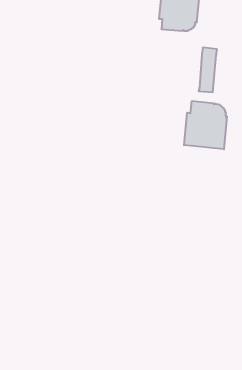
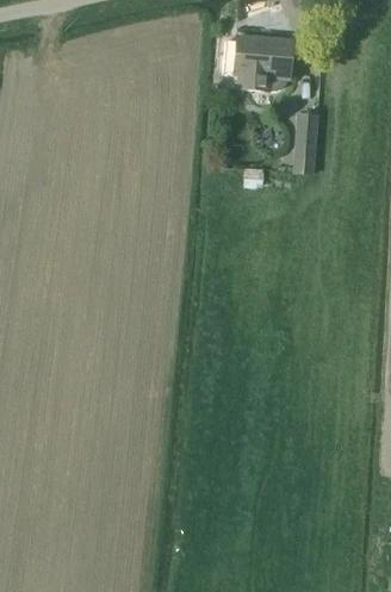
building: [184,101,227,149] -> none

